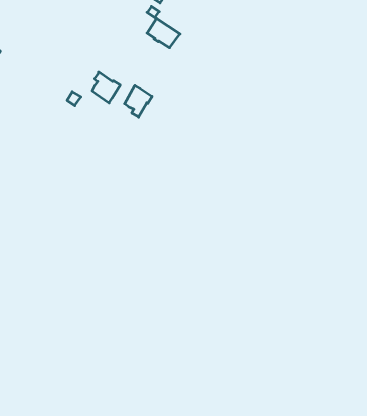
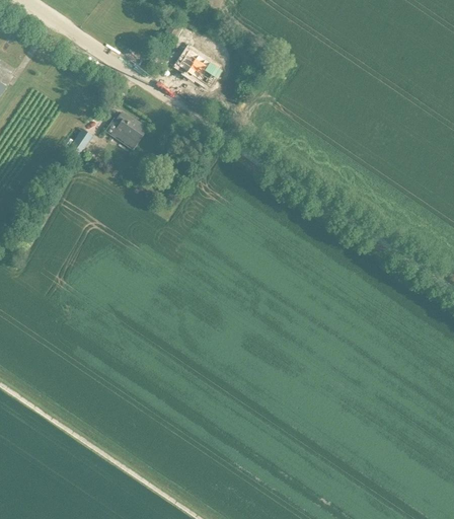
building: [125,85,152,117] -> none

